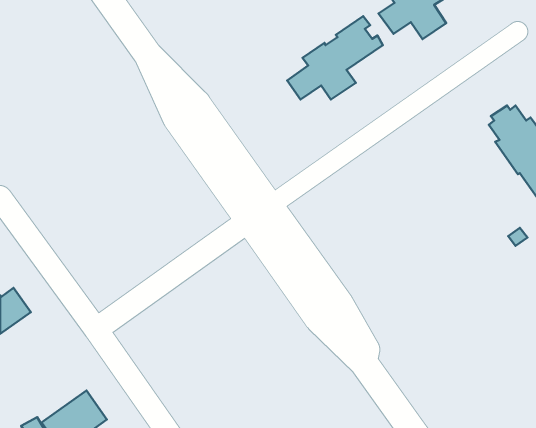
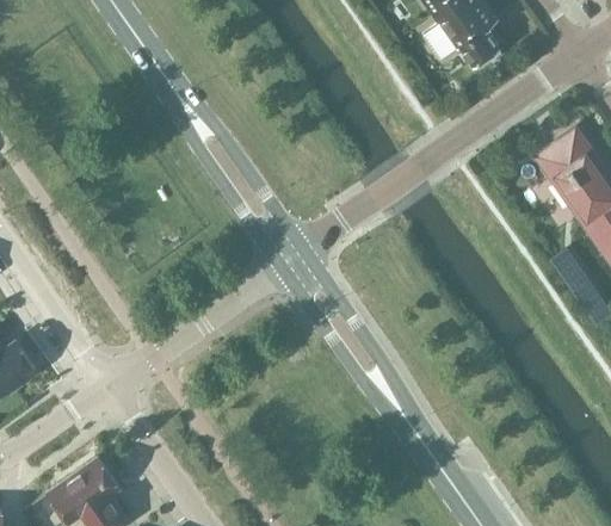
building: [287,16,383,100] -> none

